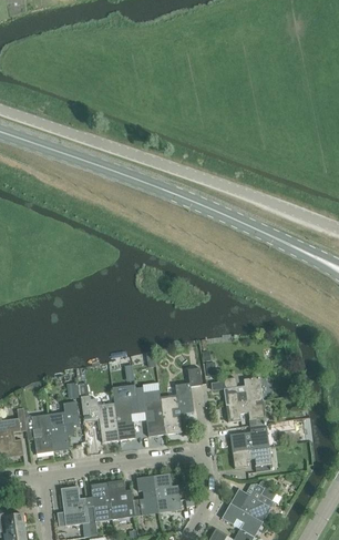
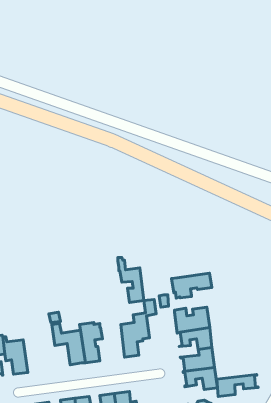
building: none -> [171,273,212,298]
building: [134,384,164,436] -> [118,257,144,302]
building: [47,400,79,451] -> none
building: none -> [217,374,258,396]

